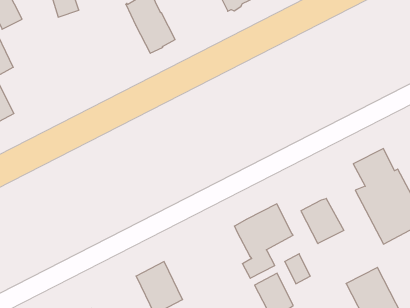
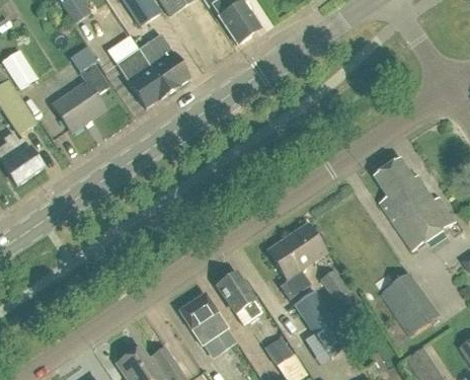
building: none -> [114,49,166,107]
building: none -> [52,63,107,131]
building: [301,198,344,244] -> none
building: none -> [217,273,261,325]

